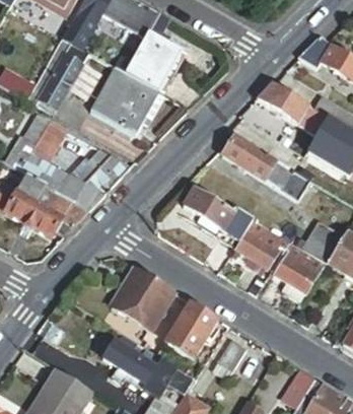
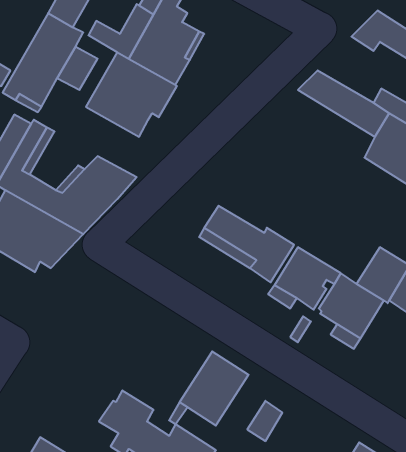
building: [223,133,309,195] -> none
building: [110,268,173,332] -> none

